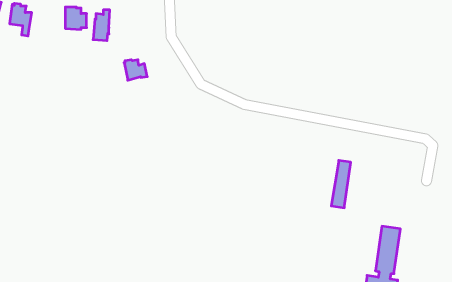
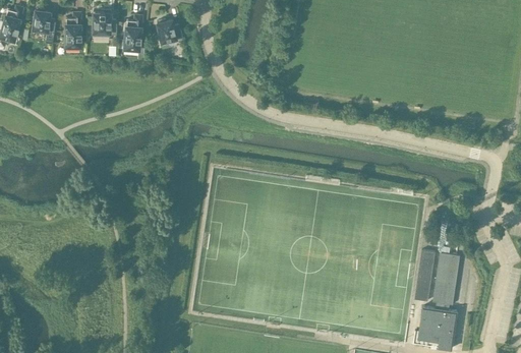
building: none -> [65,14,81,48]
building: [124,60,147,80] -> [157,21,182,44]
building: [331,160,351,208] -> [414,251,436,303]

